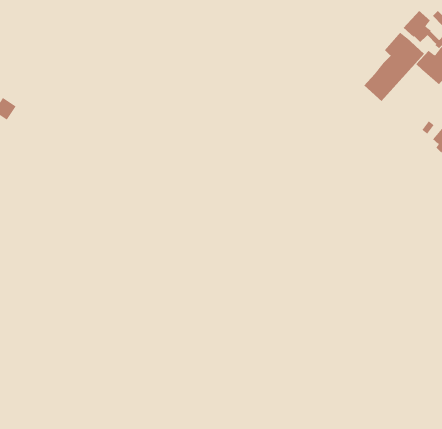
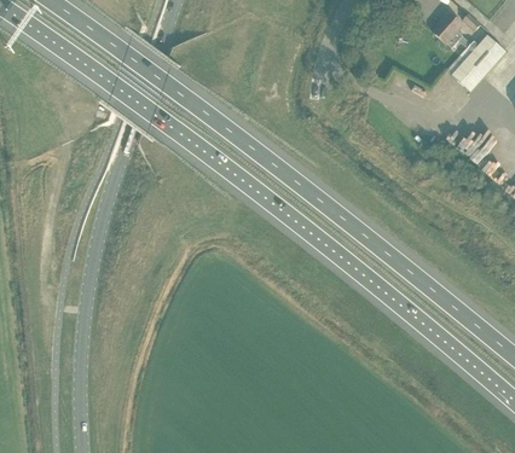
building: [364,32,425,102] -> none

